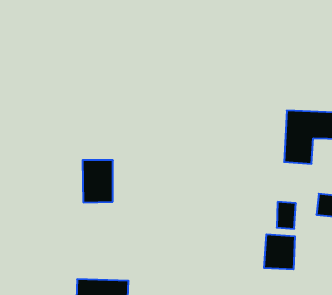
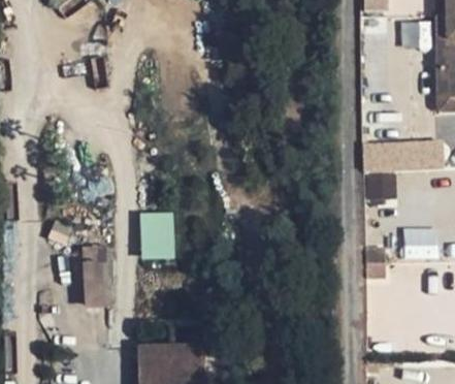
building: none -> [79,245,111,308]
building: [264,234,295,269] -> none

